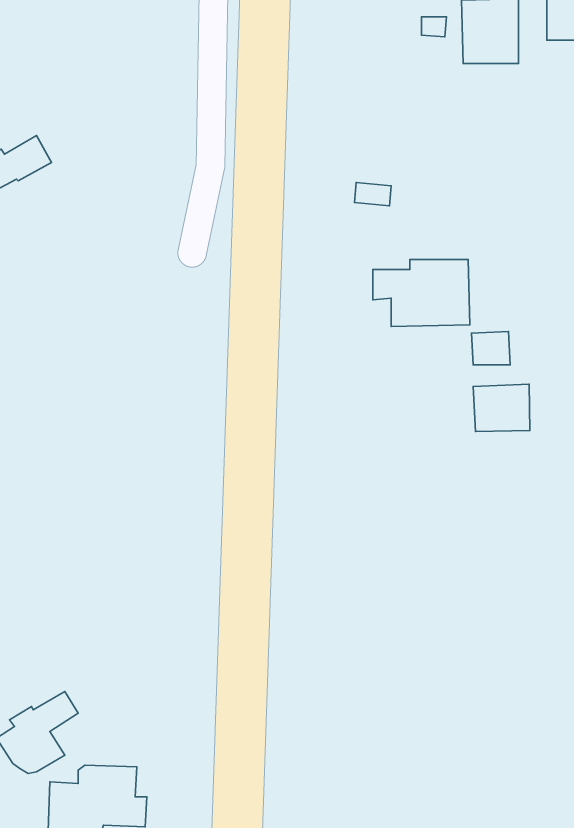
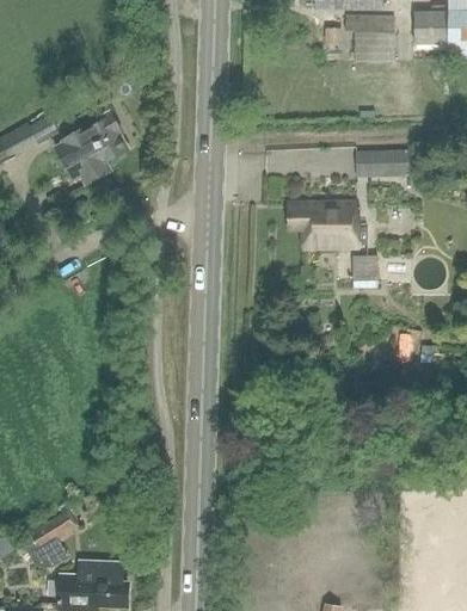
building: none -> [50,116,127,184]
building: none -> [356,148,411,174]
building: [473,384,530,432] -> none

